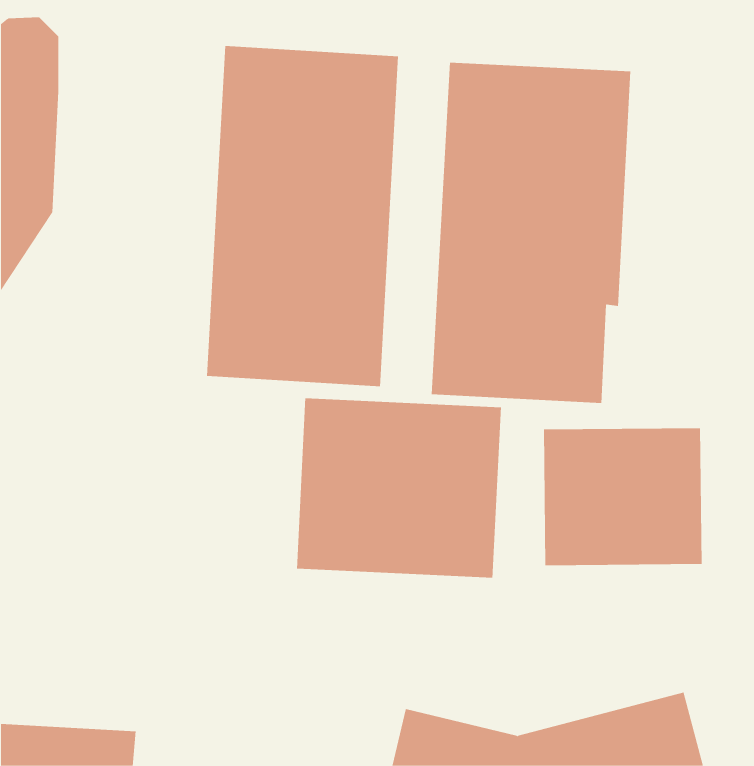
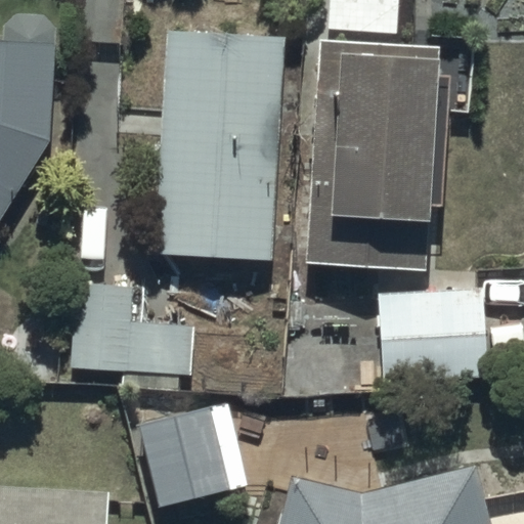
building: none -> [75,238,194,394]
building: [296,398,501,579] -> none
building: none -> [135,397,255,509]

